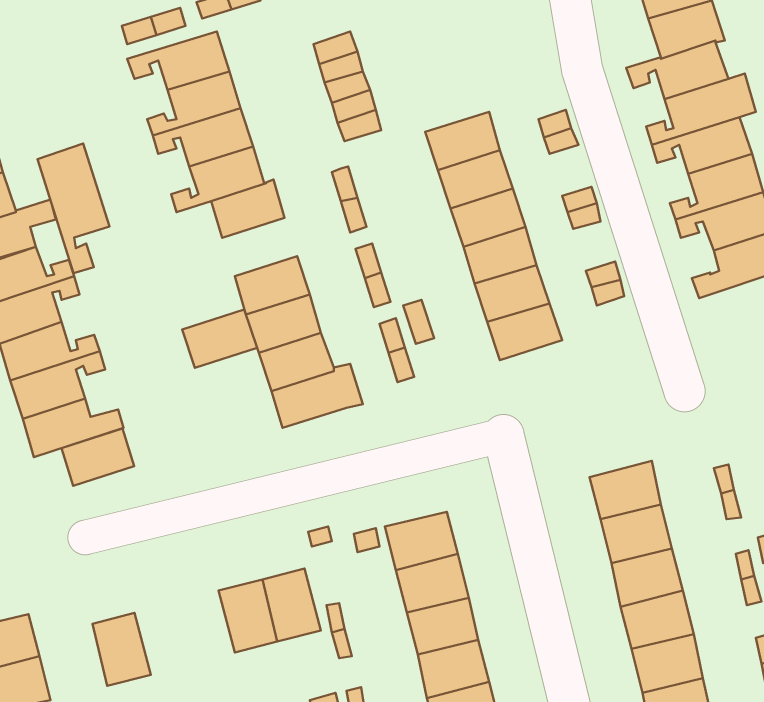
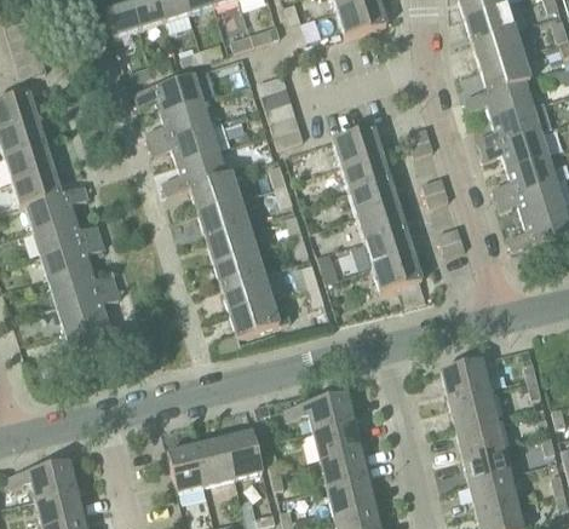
building: [38,143,109,273] -> none
building: [182,309,257,368] -> [197,196,247,235]
building: [61,428,134,486] -> none
building: [92,613,151,686] -> [167,443,206,491]

